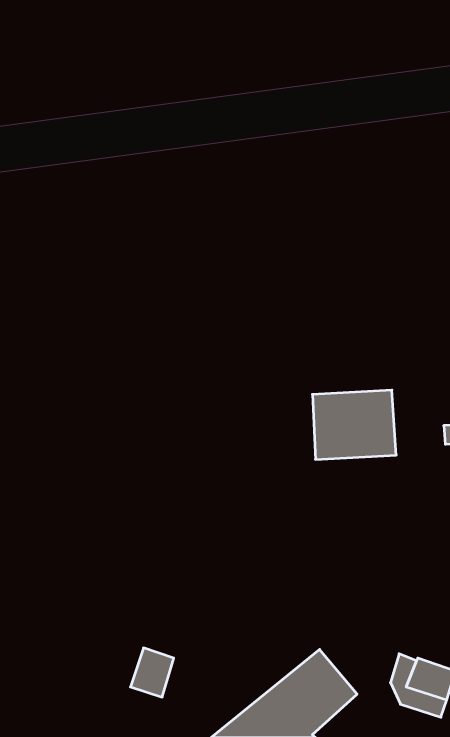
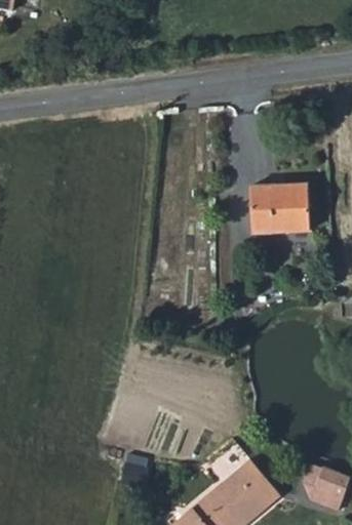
building: [312,390,396,459] -> [249,184,309,233]

